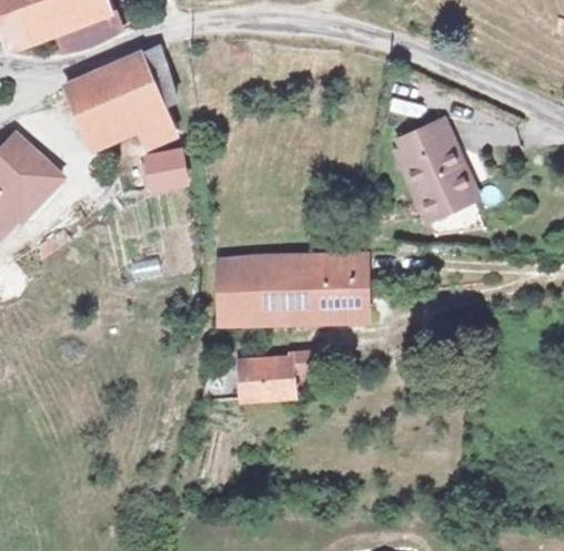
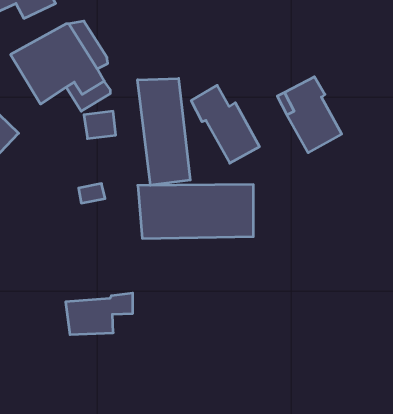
building: none -> [138,78,190,185]
building: none -> [191,85,259,163]
building: [230,347,314,399] -> [66,293,133,335]

